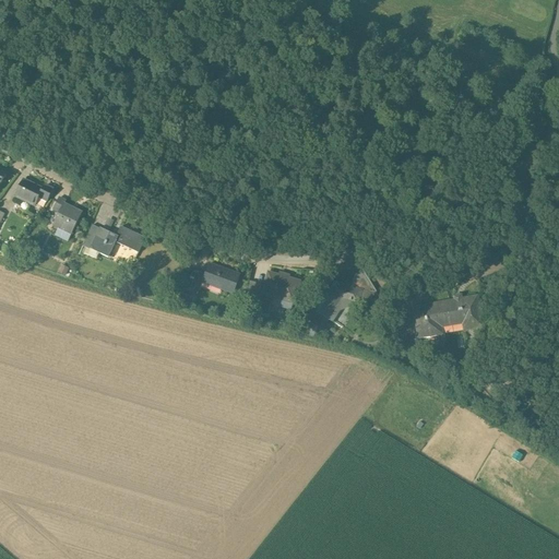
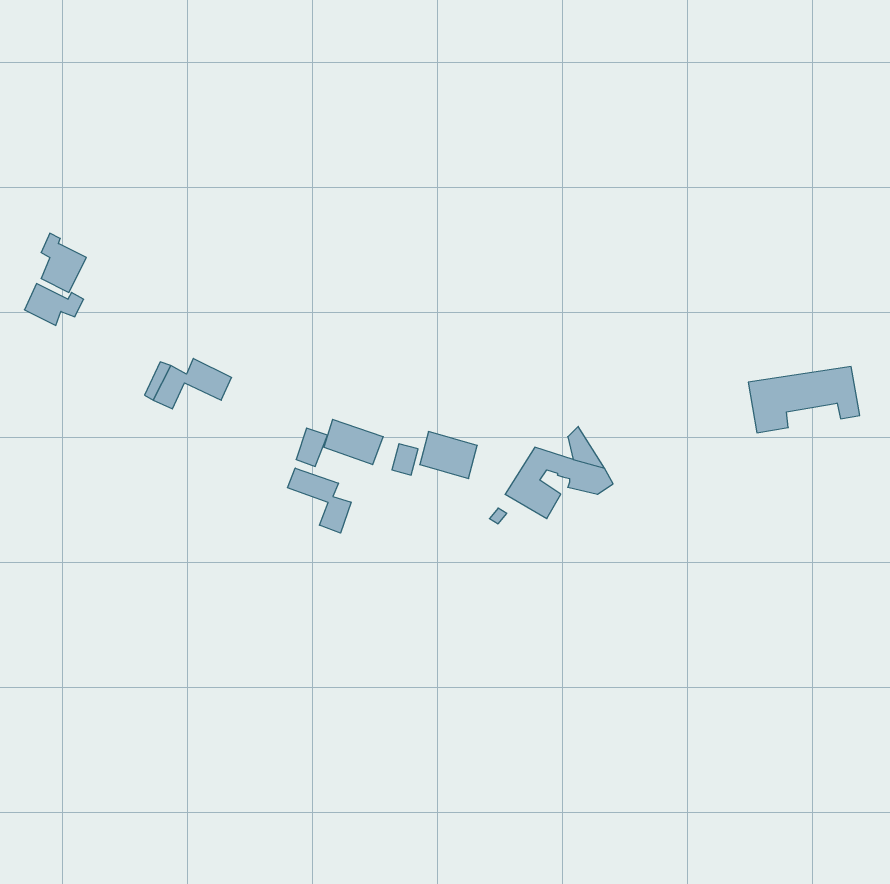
building: [53,195,82,233] -> [41,233,86,292]
building: none -> [288,468,351,533]
building: [413,295,483,336] -> [748,367,860,433]

